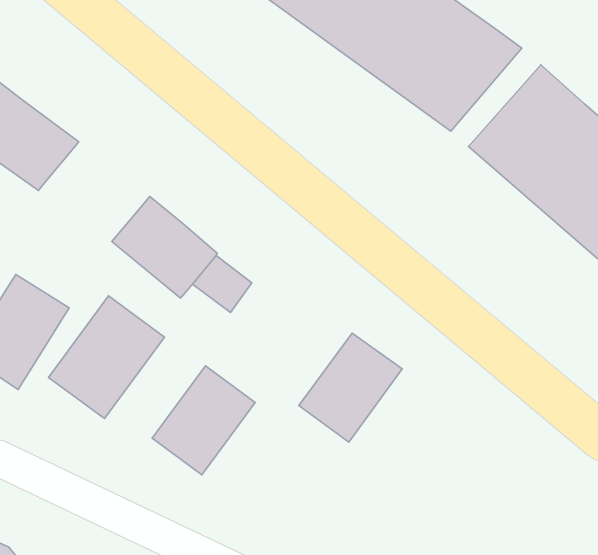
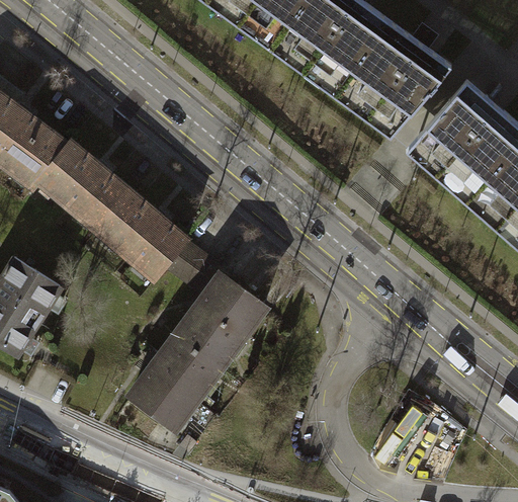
building: none -> [38,141,130,228]
building: [48,296,164,419] -> none
building: [299,333,402,442] -> [177,272,265,365]

